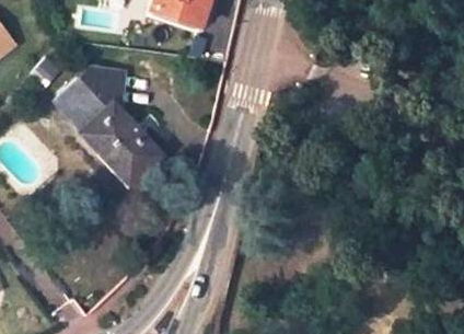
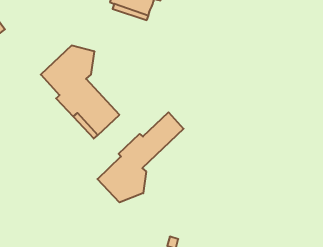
building: none -> [97,112,184,202]

